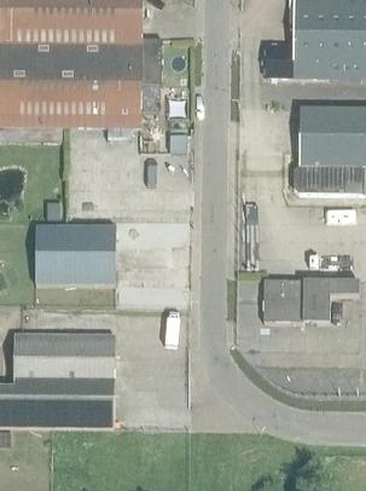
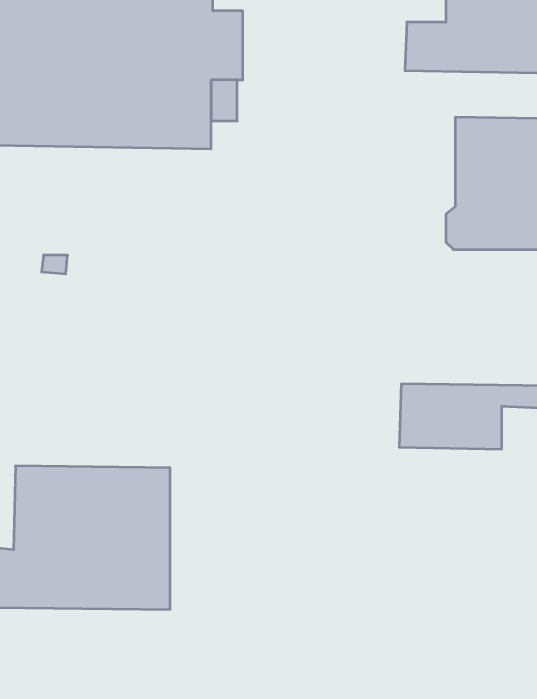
building: [34,225,115,283] -> none

